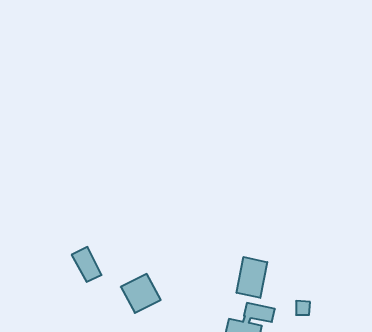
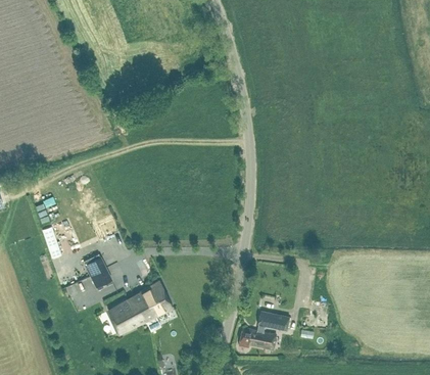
building: [237,257,267,298] -> none
building: none -> [106,295,146,335]

